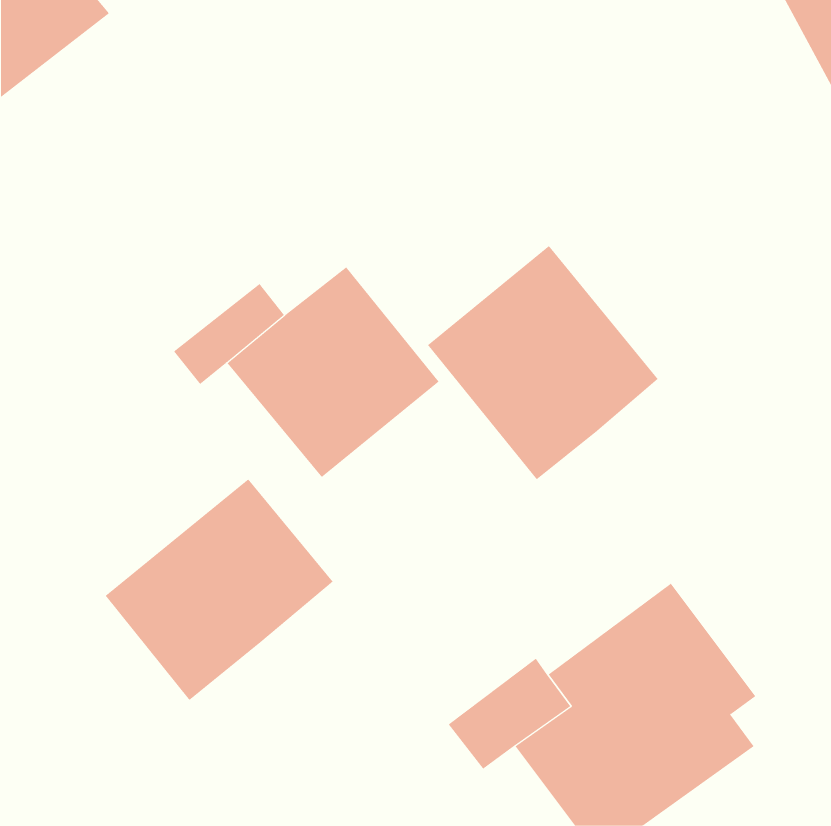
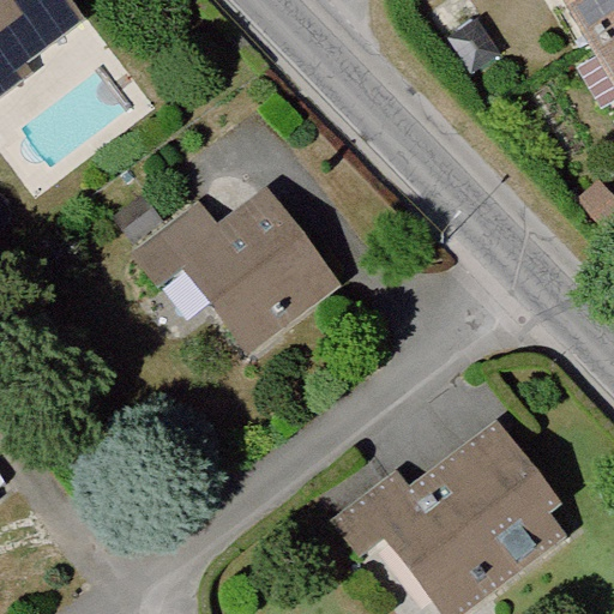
building: [427,245,659,480] -> none
building: [105,478,333,701] -> none

